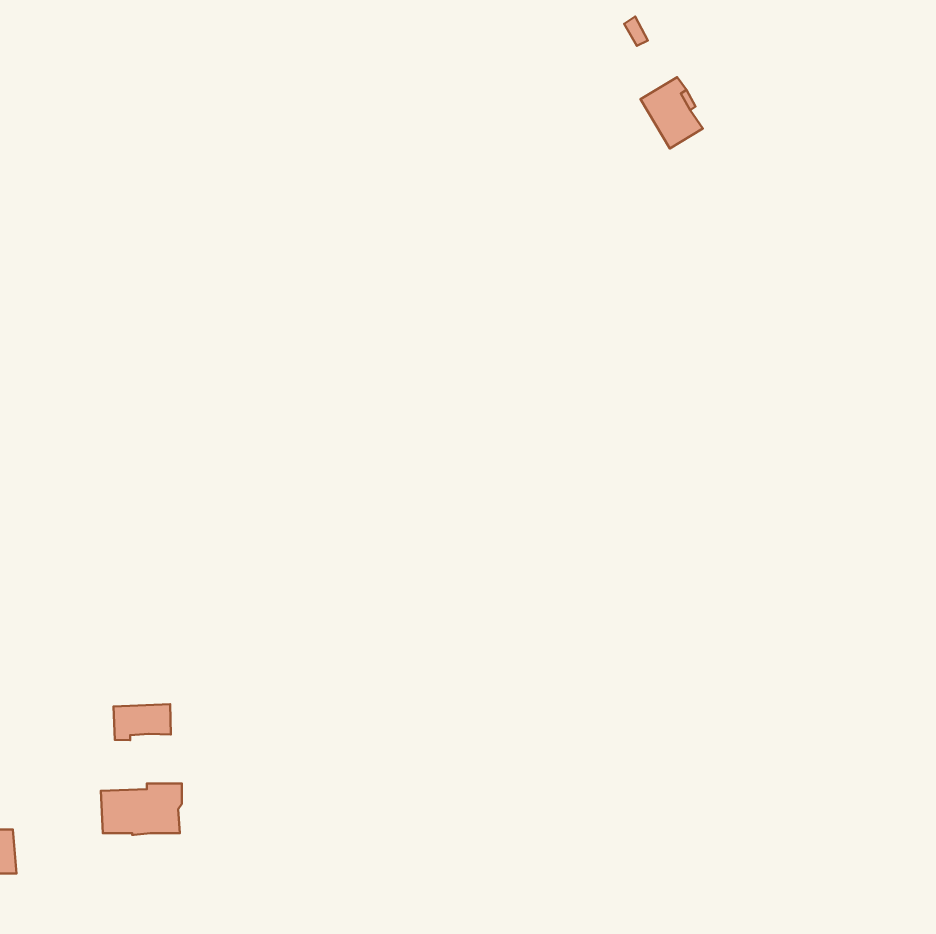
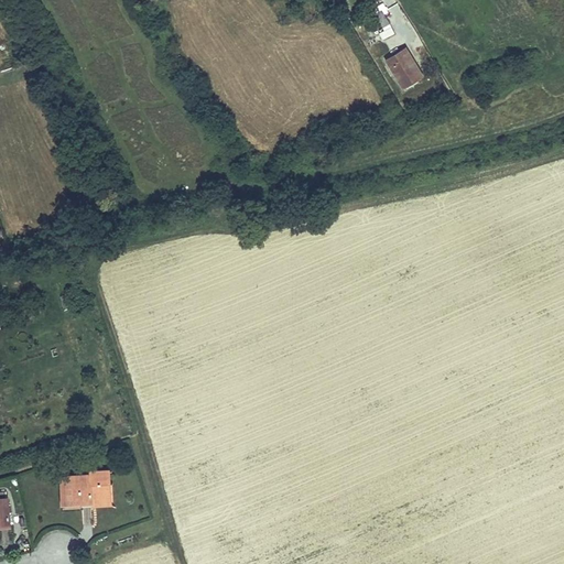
building: [114,704,171,740] -> none

